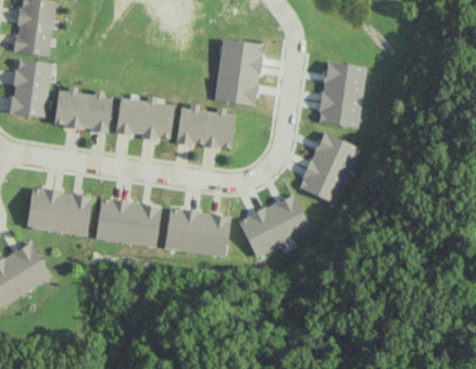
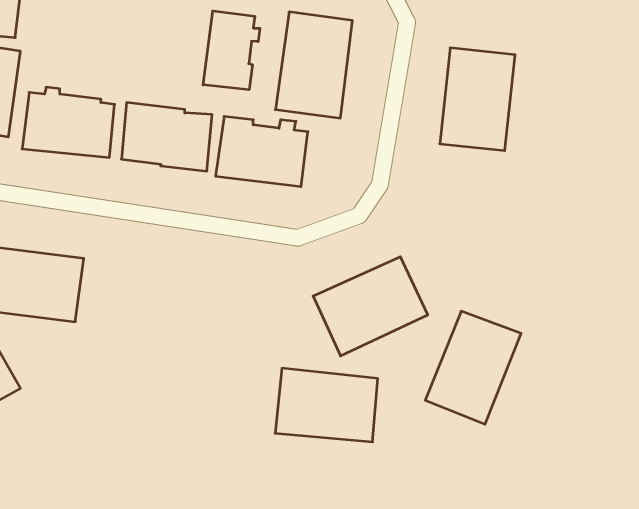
building: none -> [203,11,260,90]
building: [299,133,360,205] -> [425,311,521,424]
building: [96,199,161,247] -> none
building: [165,209,230,256] -> [275,368,378,442]

